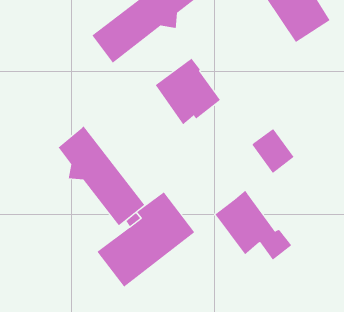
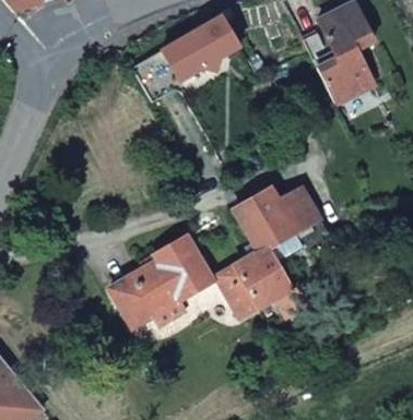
building: [155,58,221,125] -> [232,185,296,252]
building: [58,126,145,226] -> none
building: none -> [214,265,258,321]

